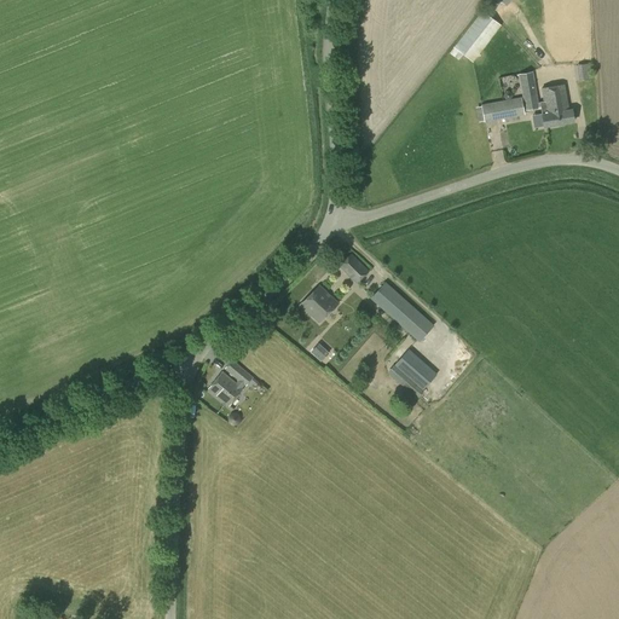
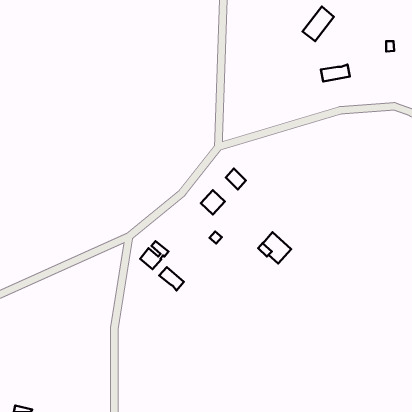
building: [519,71,573,125] -> none
building: [371,282,433,341] -> none
building: none -> [159,267,184,290]

